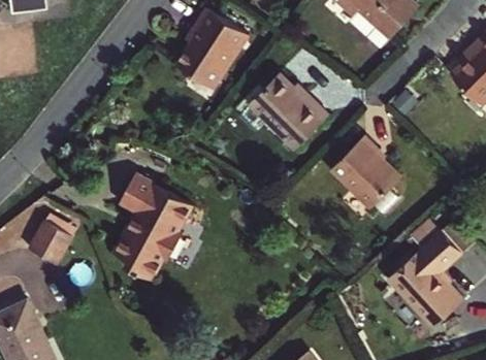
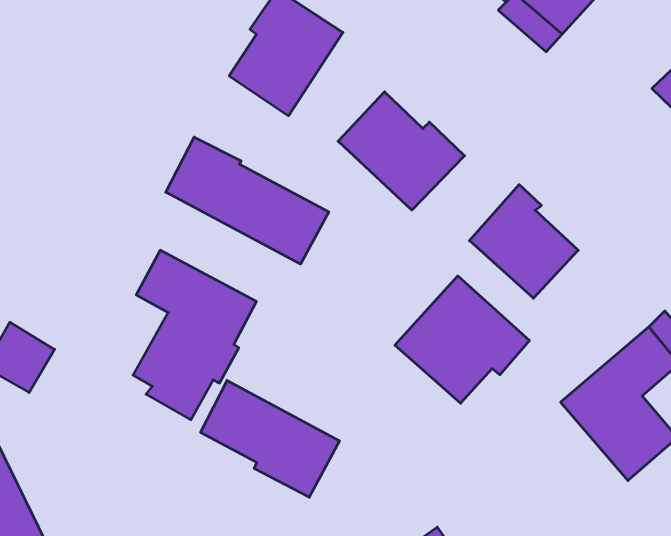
building: none -> [166,137,329,264]
building: none -> [395,276,529,403]
building: none -> [201,380,339,497]

